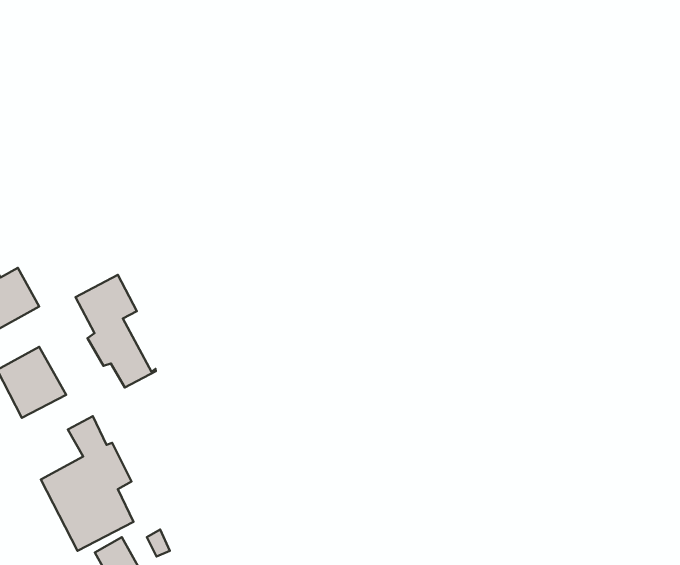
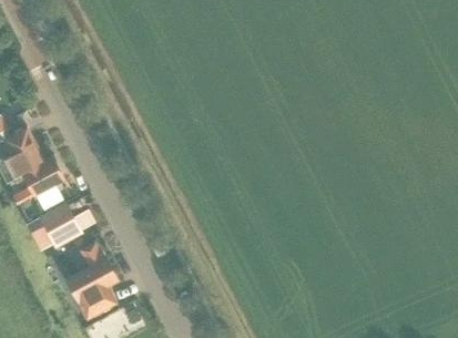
building: [75,275,156,388] -> none

